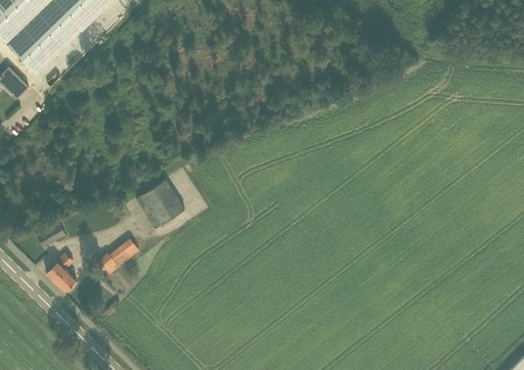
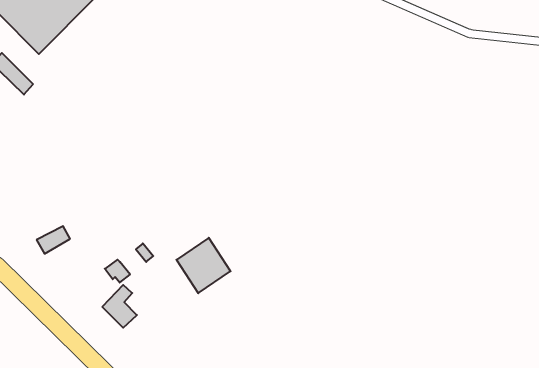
building: [136,181,184,230] -> [176,238,231,293]
building: [46,255,77,292] -> [102,285,137,328]

